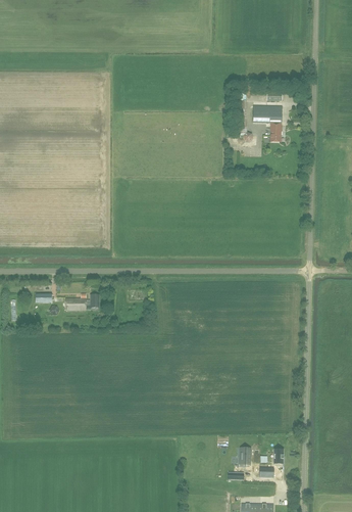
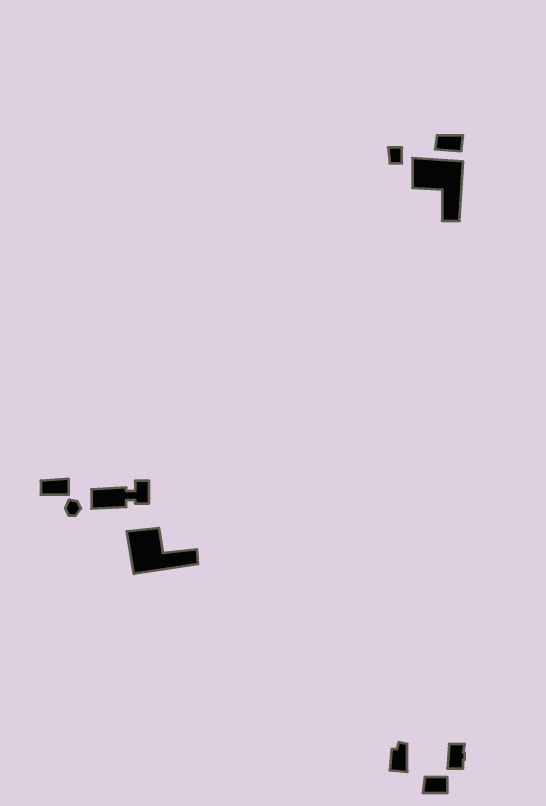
building: none -> [127,528,198,574]

